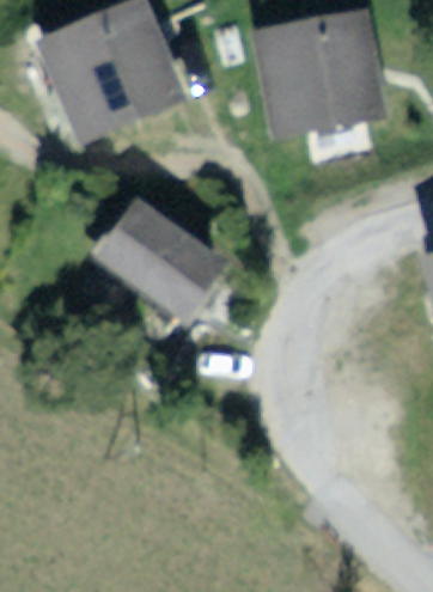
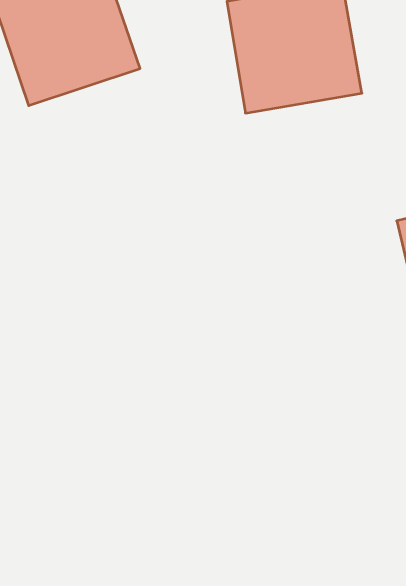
building: [81,173,226,306] -> none

